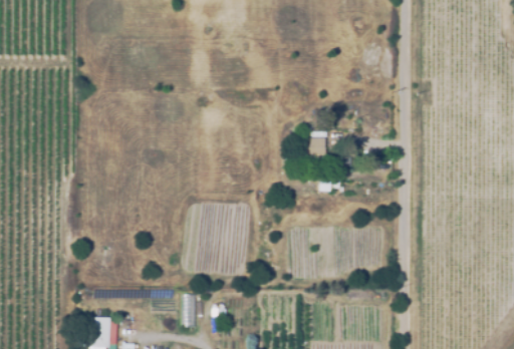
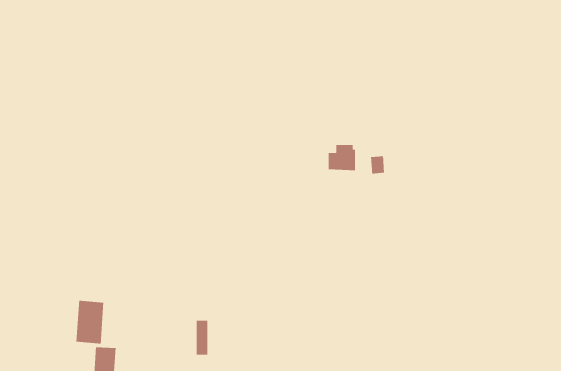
building: none -> [76,300,104,344]

